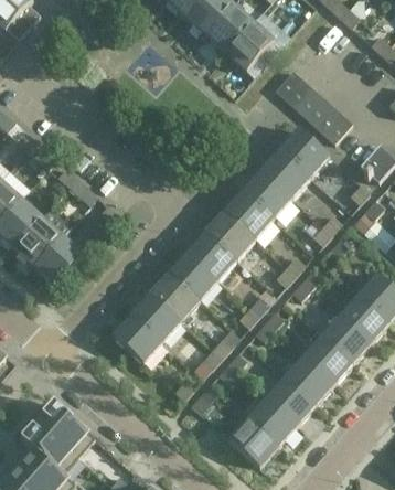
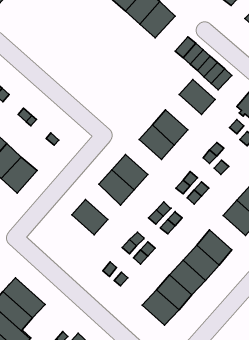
building: [260,149,310,198] -> none
building: [205,211,255,259] -> none
building: [150,273,199,321] -> none
building: [113,315,162,363] -> none
building: [321,316,371,363] -> none

